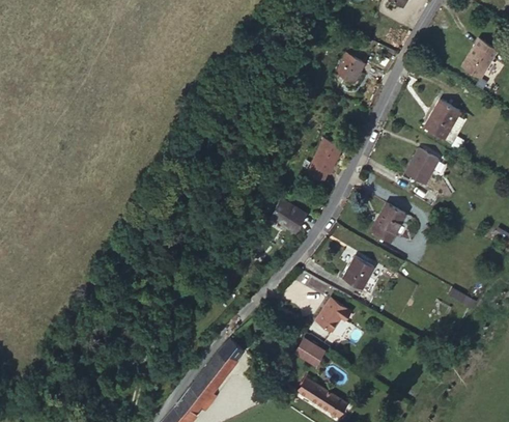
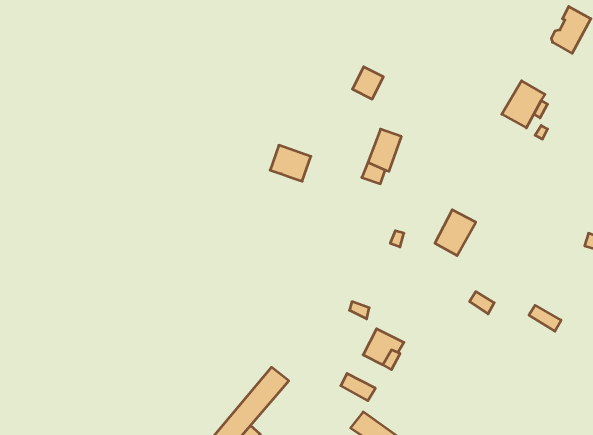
building: [339,57,365,84] -> [352,67,383,99]
building: [403,148,440,187] -> none
building: [266,199,301,229] -> [270,145,311,181]
building: [335,261,368,296] -> none

